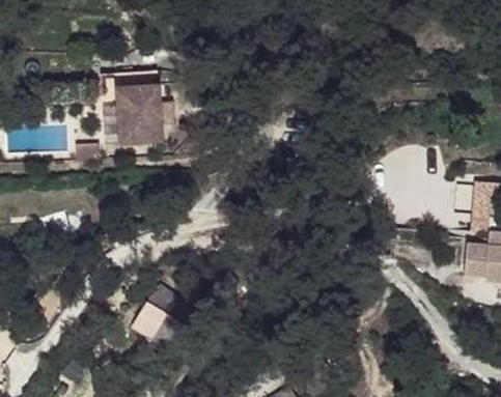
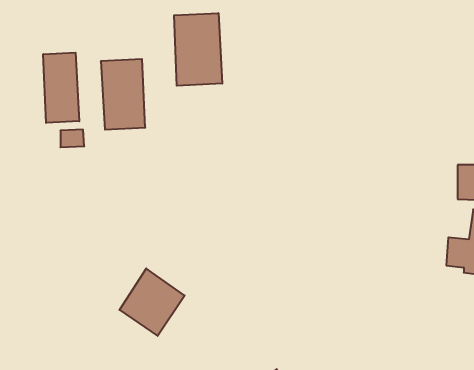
building: none -> [174,13,222,86]
building: none -> [43,53,79,123]

